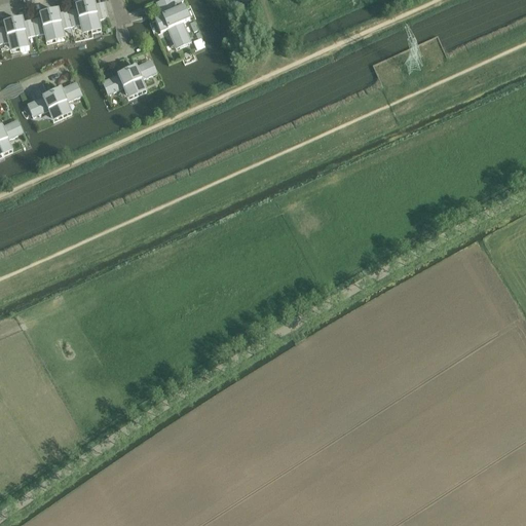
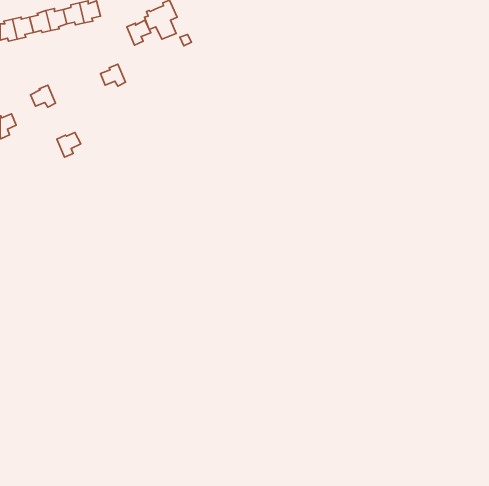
building: [126,62,152,88] -> [127,20,151,45]
building: [51,84,77,111] -> [57,132,81,157]

